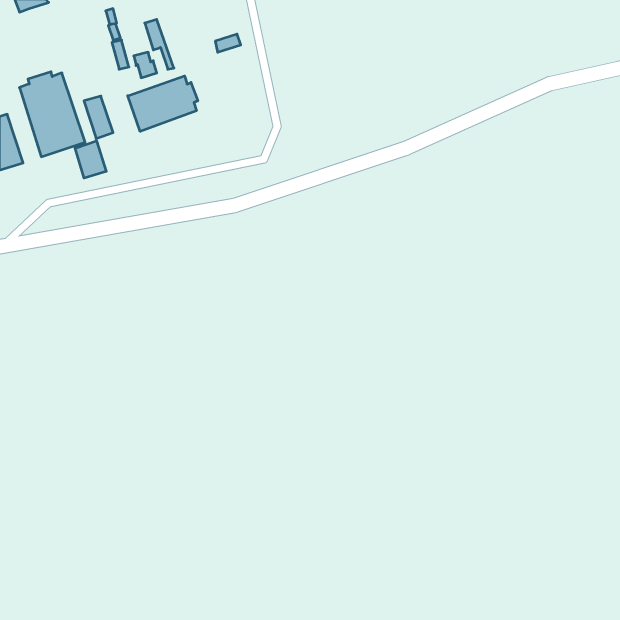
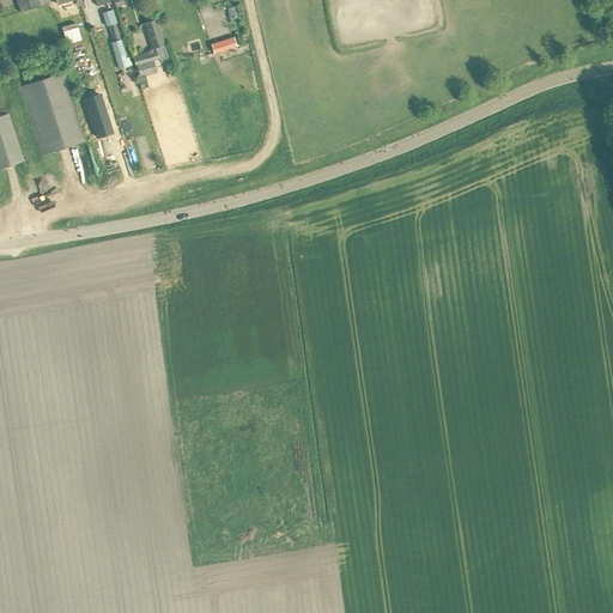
building: [128,76,198,131] -> none
building: [75,141,106,178] -> none

